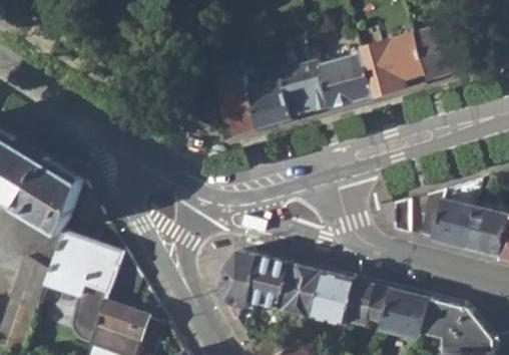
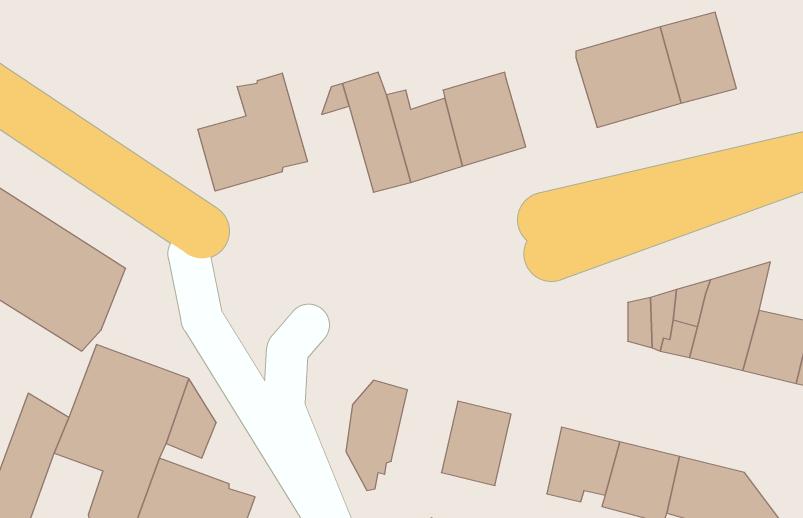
building: [319,51,375,106] -> none
building: none -> [198,73,307,191]
building: [247,257,289,308] -> none
building: [312,272,353,324] -> none

